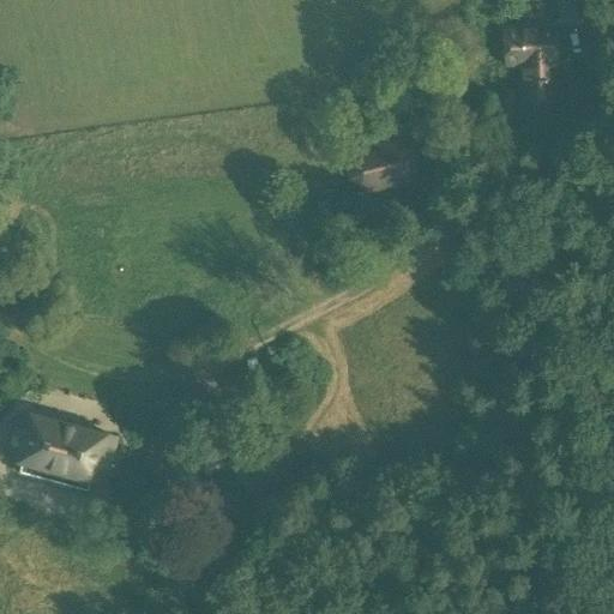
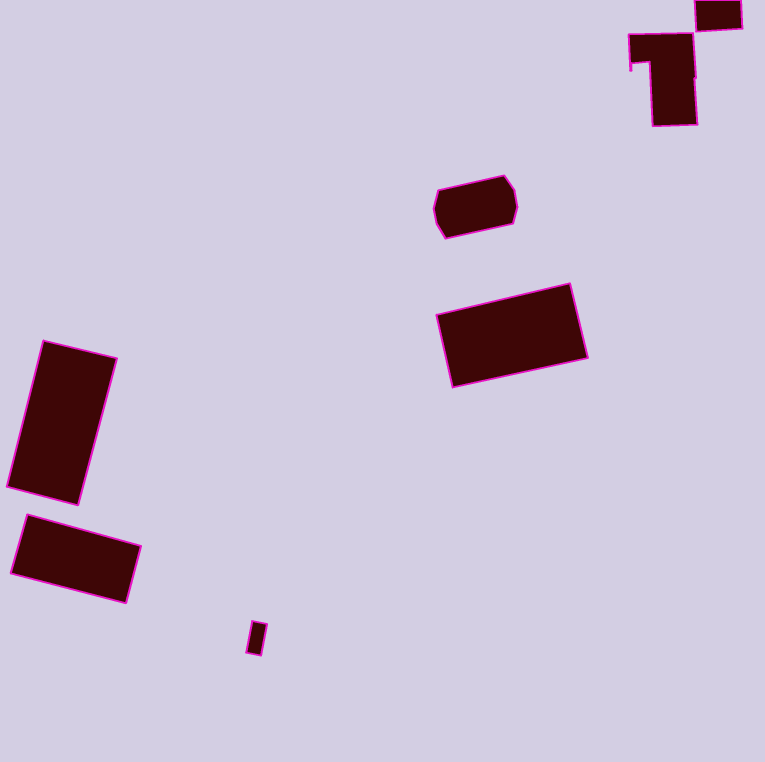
building: none -> [437,283,588,388]
building: none -> [7,340,117,505]

